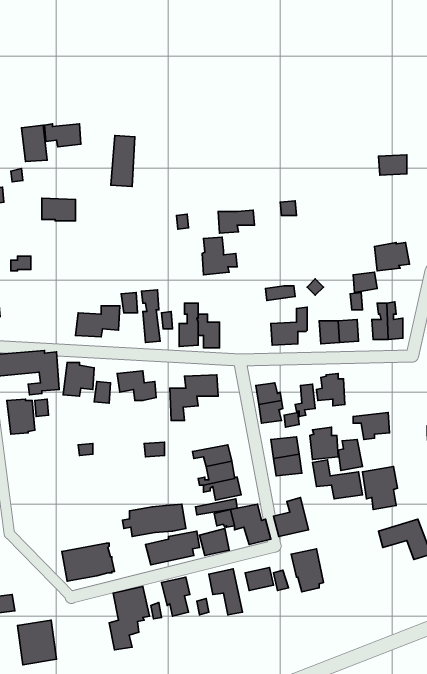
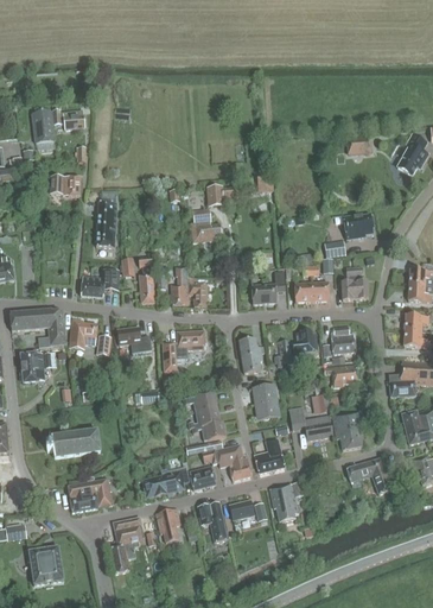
building: [111,135,135,187] -> [95,202,116,247]
building: [310,427,338,460] -> [330,325,355,354]
building: [123,504,186,536] -> [45,430,101,458]

